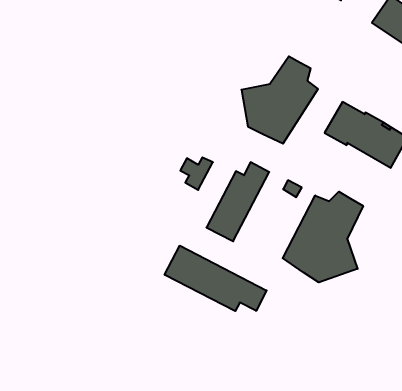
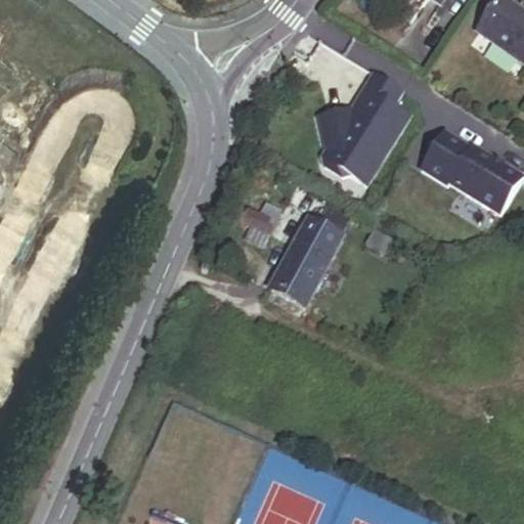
building: [283,192,363,282] -> none
building: [165,246,267,311] -> none

